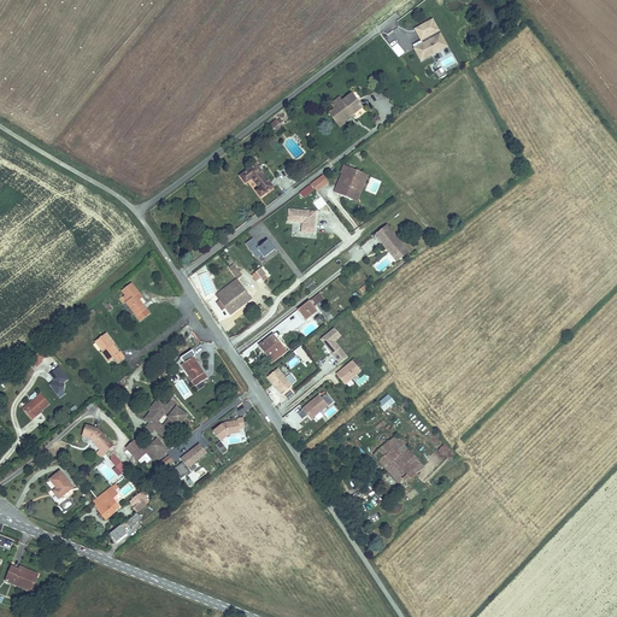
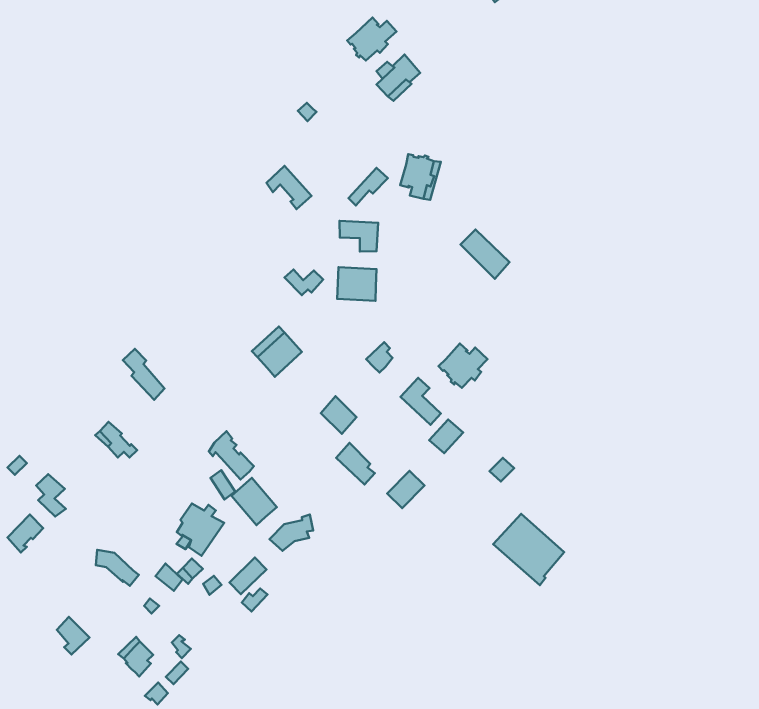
building: none -> [347,17,396,60]
building: none -> [337,267,377,301]
building: none -> [438,343,488,388]
building: none -> [231,478,277,525]

